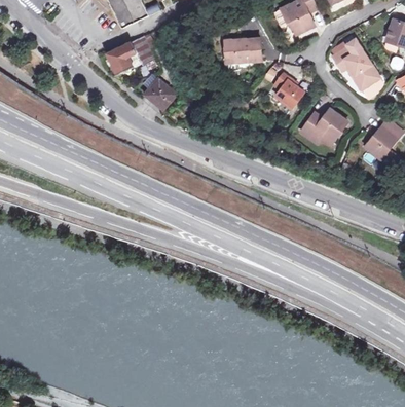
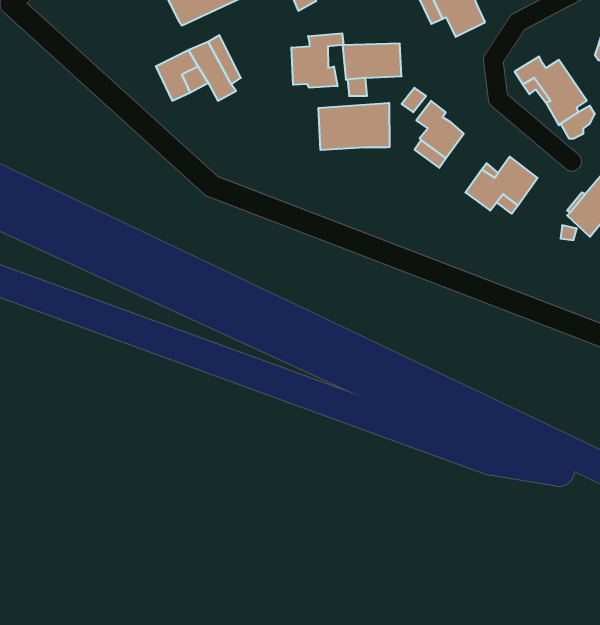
building: none -> [291,33,343,88]
building: none -> [318,103,389,150]
building: [143,77,173,108] -> none

